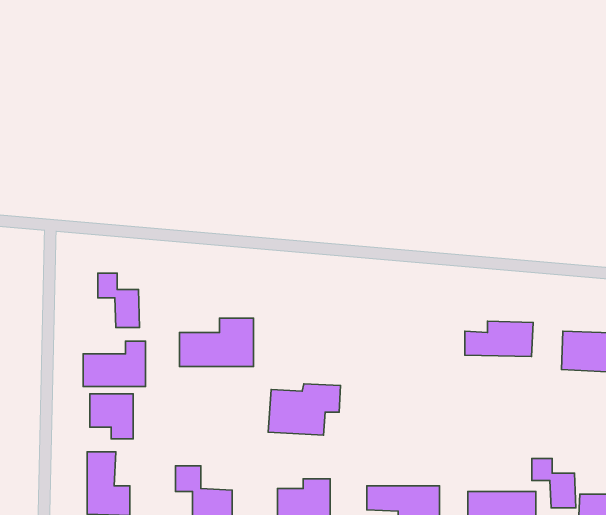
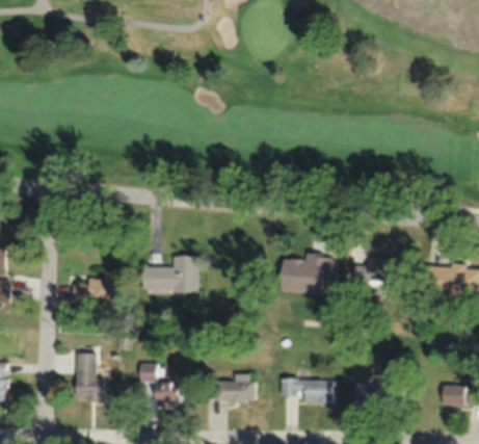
building: [98,273,140,328] -> none
building: [268,384,341,435] -> [280,254,332,291]
building: [90,394,133,439] -> none
building: [532,458,576,508] -> none

